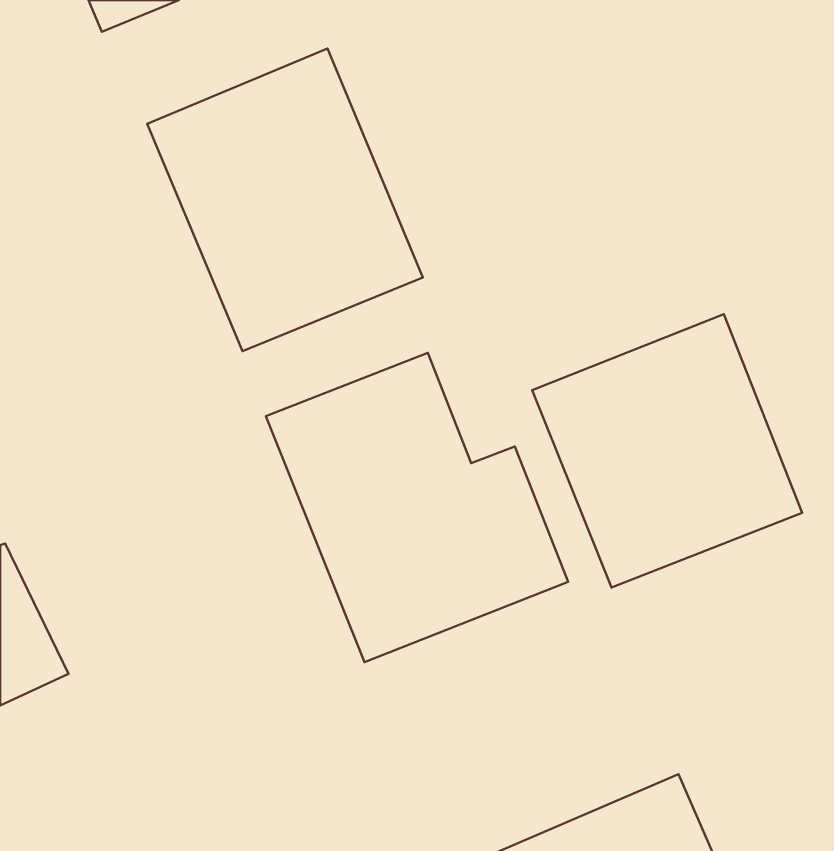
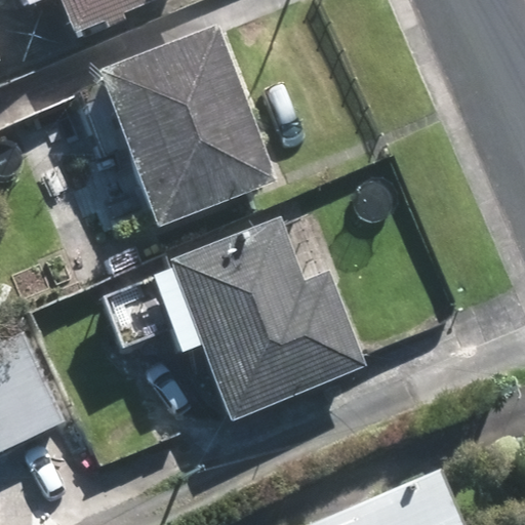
building: [532,314,802,588] -> none

